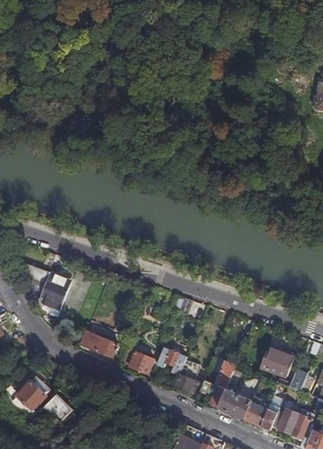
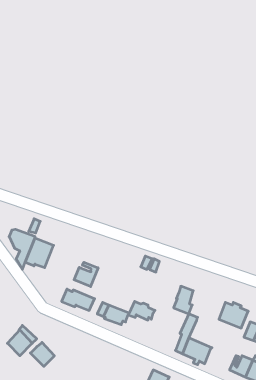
building: none -> [74,262,98,287]
building: [176,359,199,391] -> [174,286,193,314]
building: [244,400,280,429] -> none

